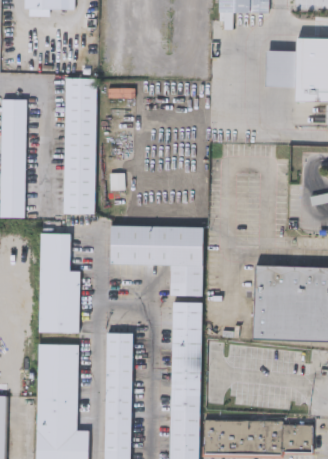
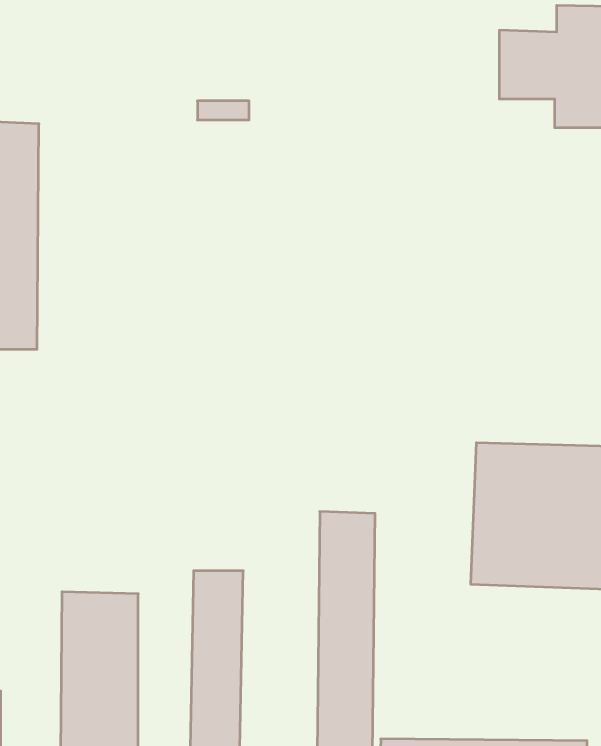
building: [64,77,96,213] -> none
building: [109,225,203,297] -> none
building: [39,233,79,332] -> none

